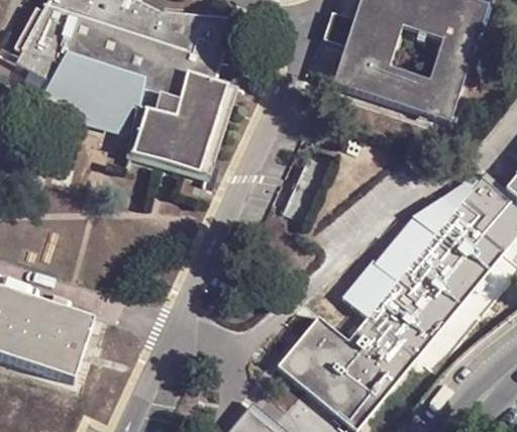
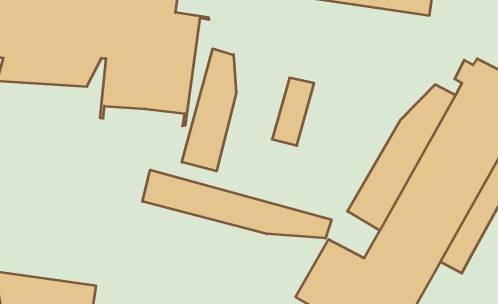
building: none -> [182,49,236,171]
building: none -> [143,170,331,238]

